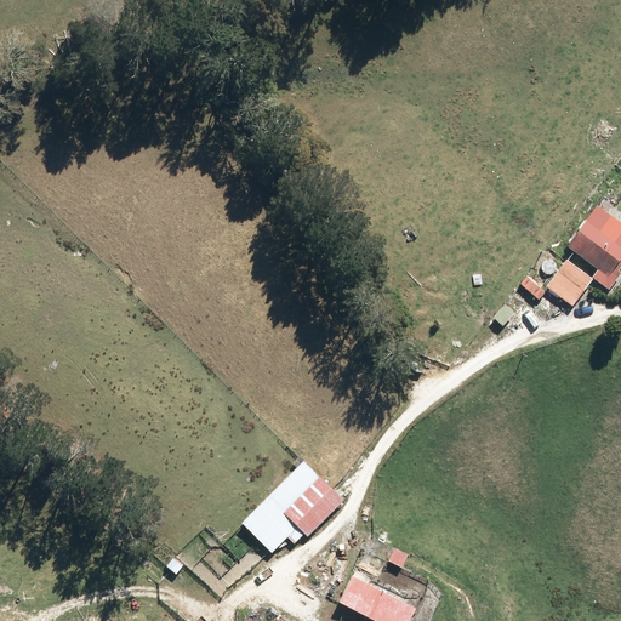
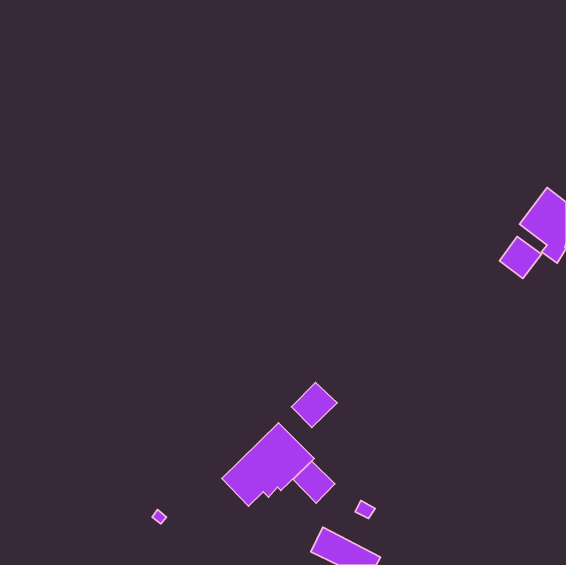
building: none -> [292,382,337,428]
building: none -> [293,461,335,503]

